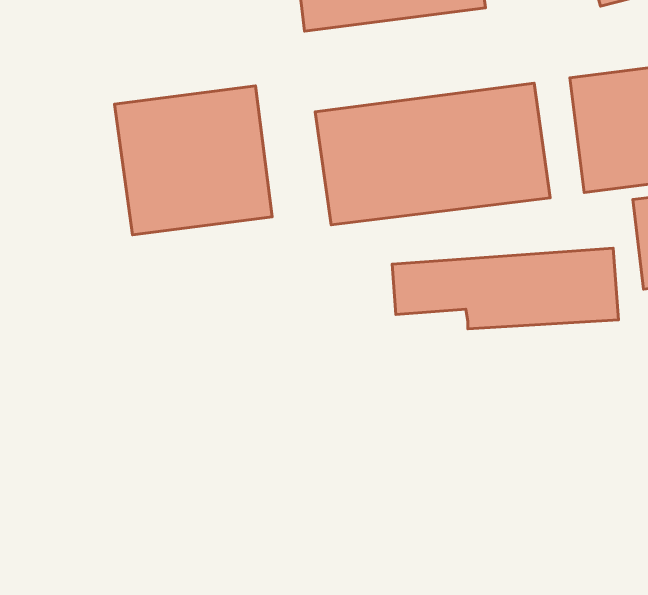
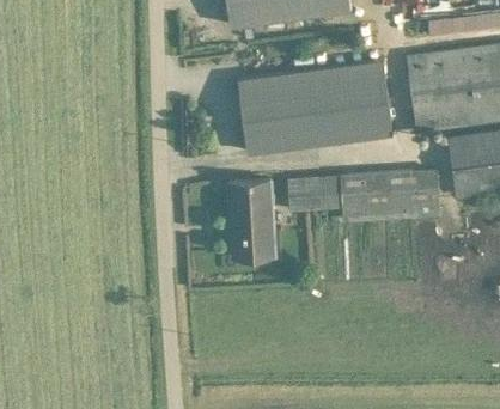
building: [114,86,272,235] -> none
building: none -> [228,181,278,262]

